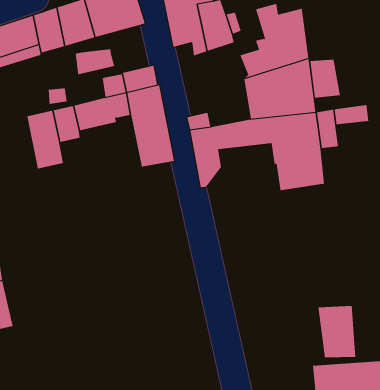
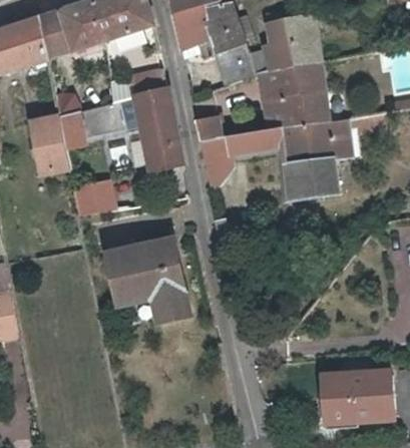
building: none -> [218,46,259,88]
building: [75,48,115,75] -> none
building: [310,59,341,99] -> none
building: none -> [75,181,116,213]
building: none -> [97,235,187,327]
building: [318,305,356,358] -> none

